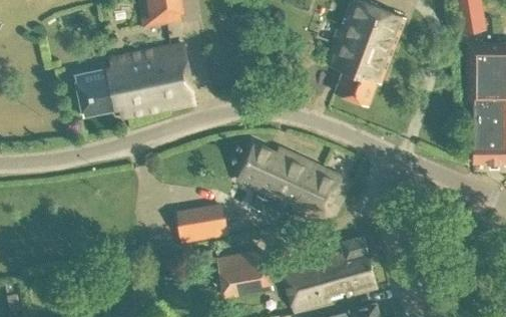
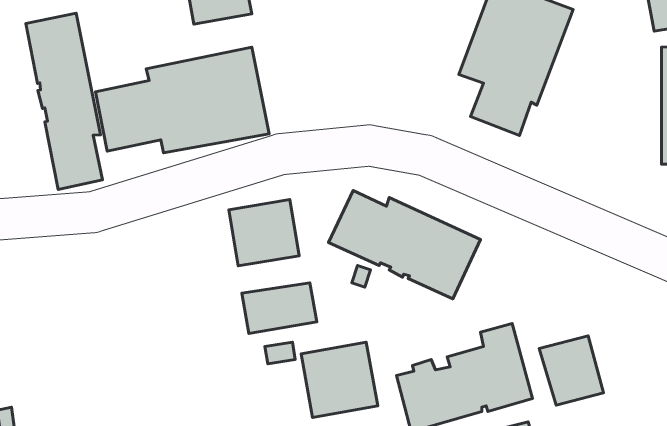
building: none -> [26,13,103,189]
building: none -> [229,200,299,266]
building: none -> [539,336,604,405]

